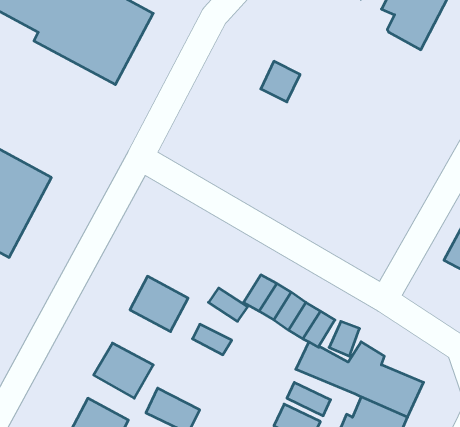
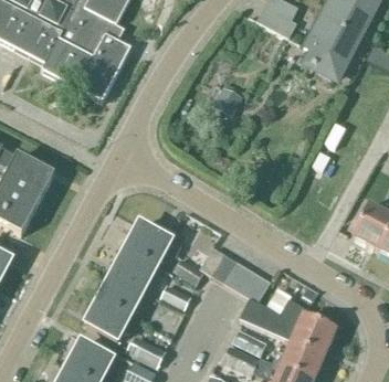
building: none -> [126,222,171,264]
building: none -> [99,273,144,315]

